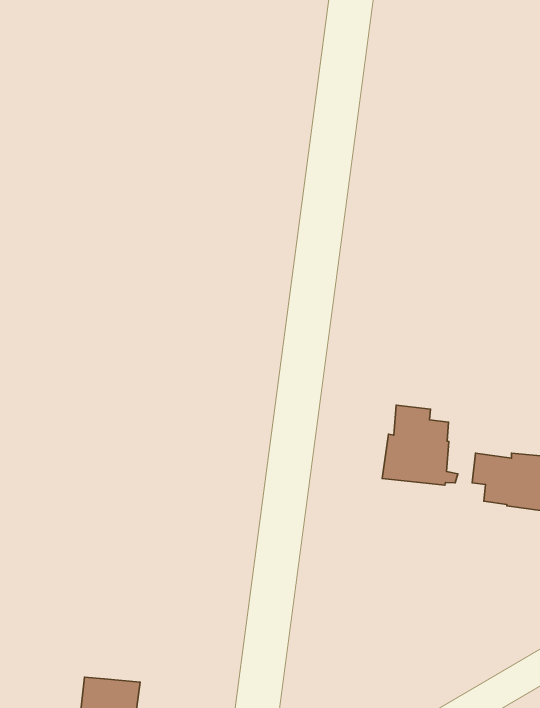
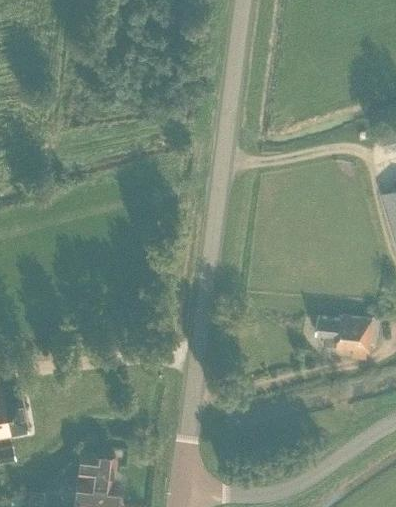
building: [382,405,458,485] -> none

